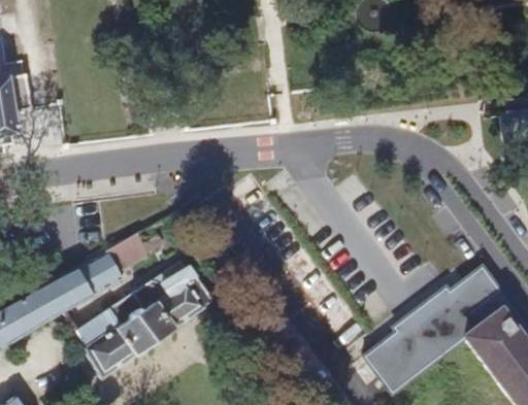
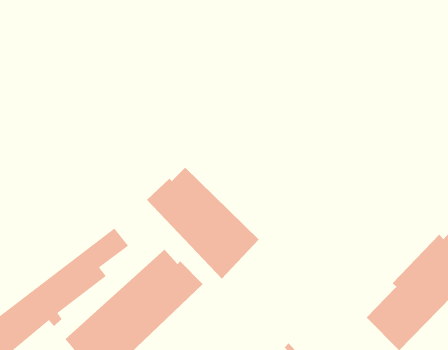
building: none -> [146,167,259,279]

